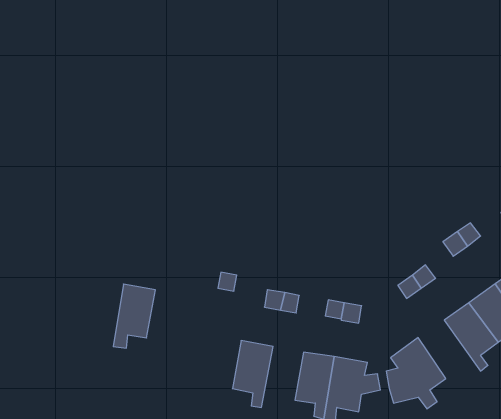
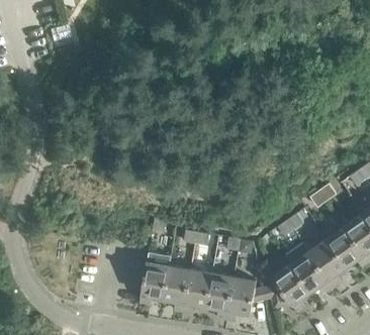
building: [113,284,155,348] -> [141,261,170,306]
building: none -> [293,251,337,292]
building: none -> [184,269,213,314]

